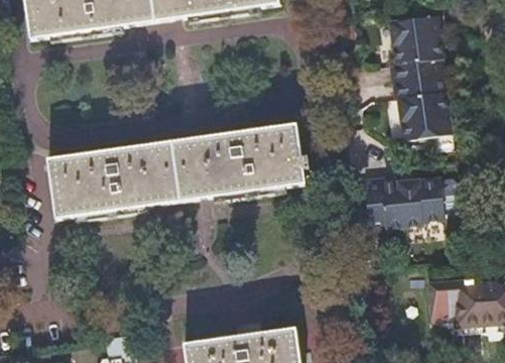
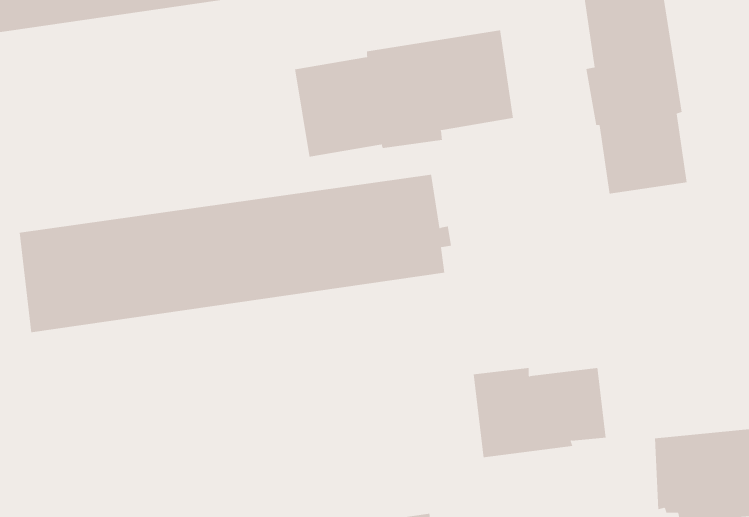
building: none -> [294,30,514,157]
building: [363,175,444,230] -> [473,368,606,458]

